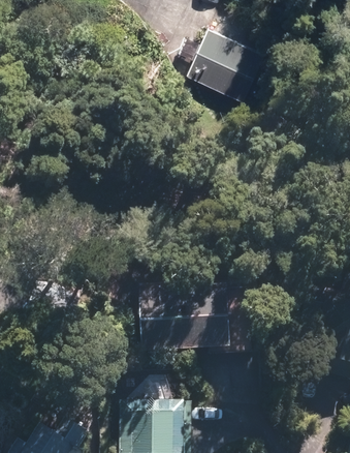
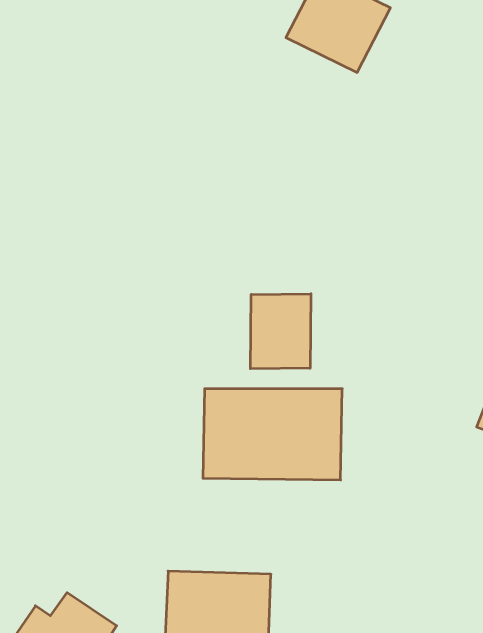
building: none -> [250,294,311,369]

